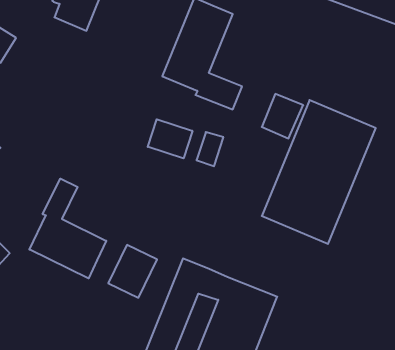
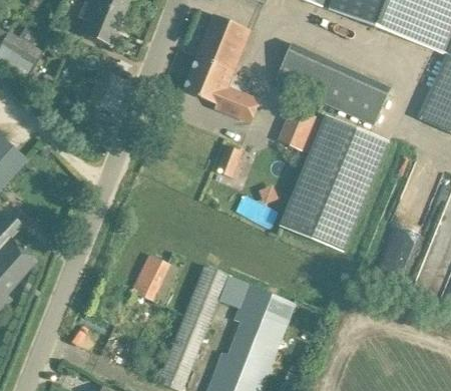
building: none -> [277,44,393,125]
building: [148,119,192,158] -> none
building: [29,179,106,278] -> none

